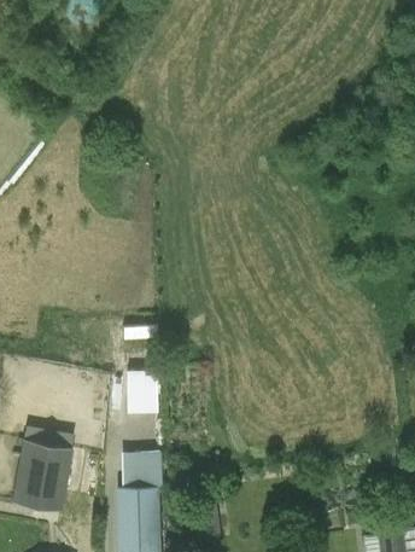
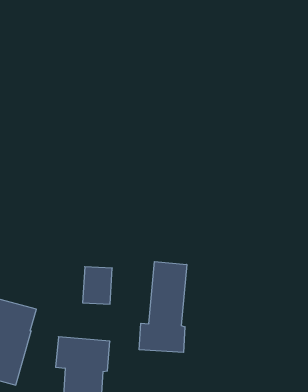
building: none -> [139,262,187,352]

